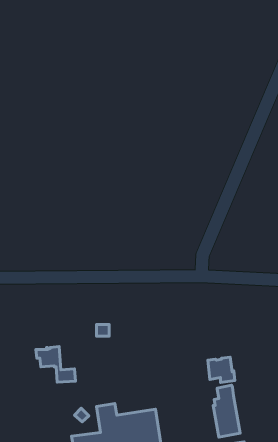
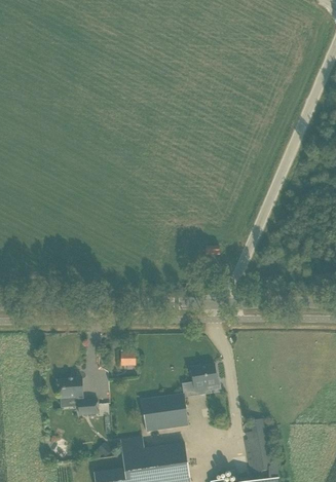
building: [208,357,235,382] -> [190,365,219,392]
building: none -> [140,395,188,433]

